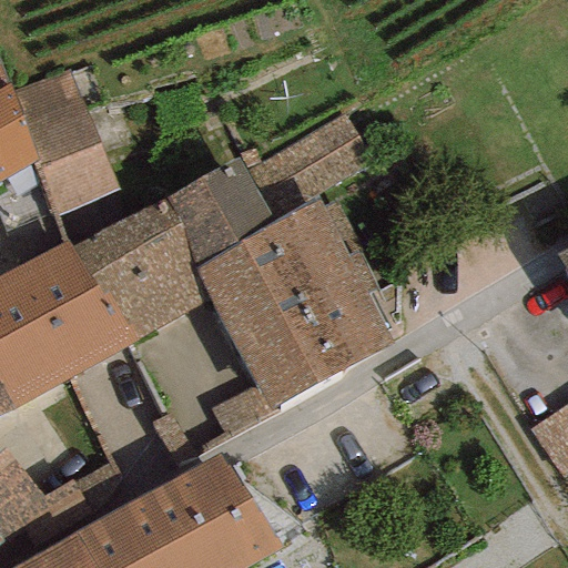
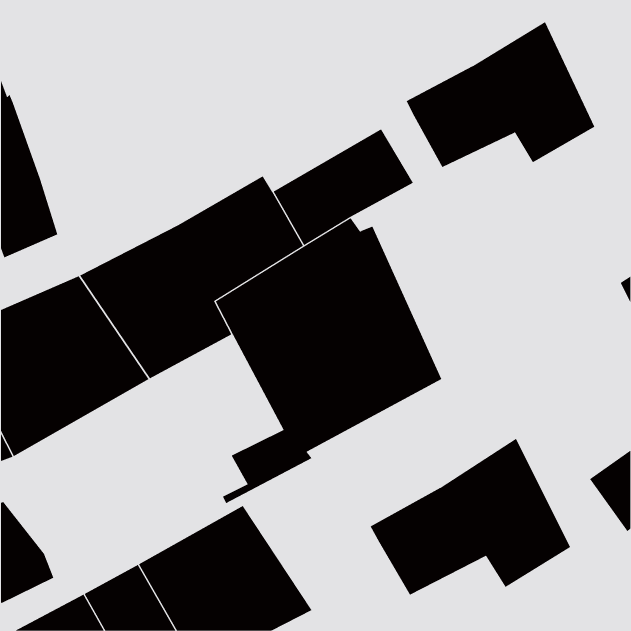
building: none -> [406,21,595,168]
building: [12,72,118,217] -> none
building: none -> [370,438,571,595]

